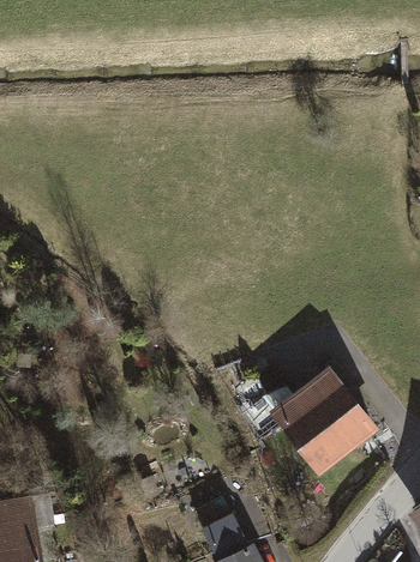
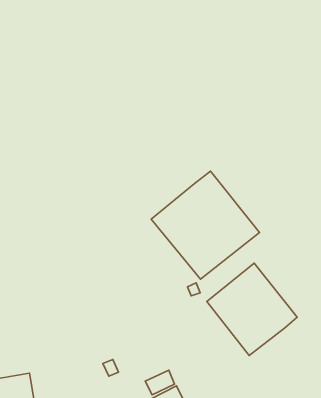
building: none -> [151,171,260,279]

